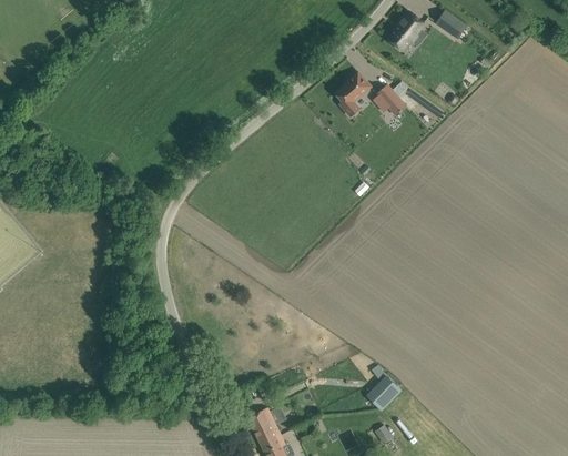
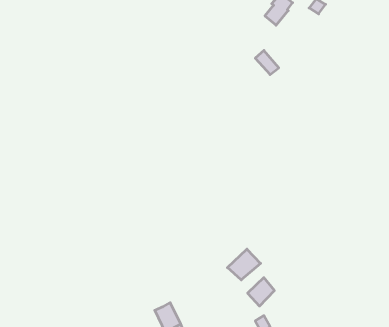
building: [335,72,371,116] -> none
building: none -> [227,249,261,280]

